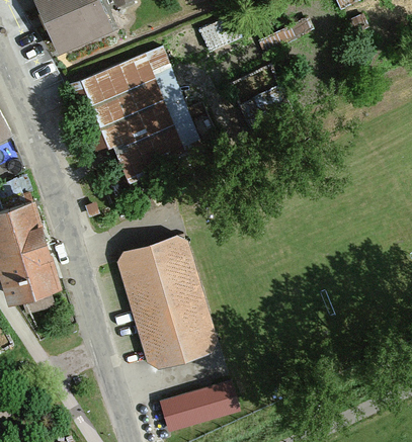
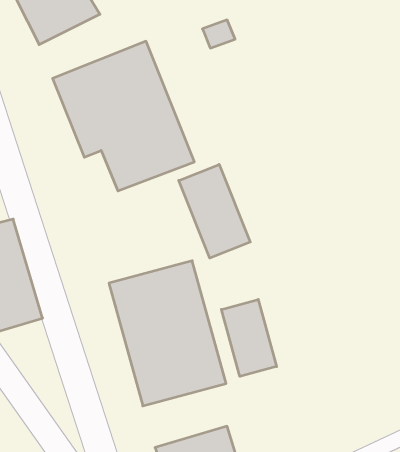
building: none -> [179,164,250,258]
building: none -> [221,299,277,376]

